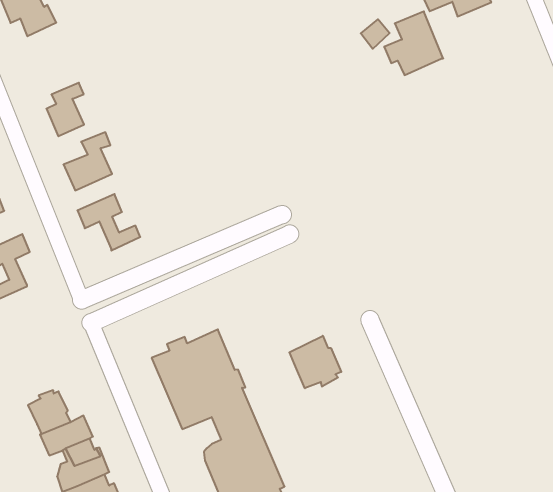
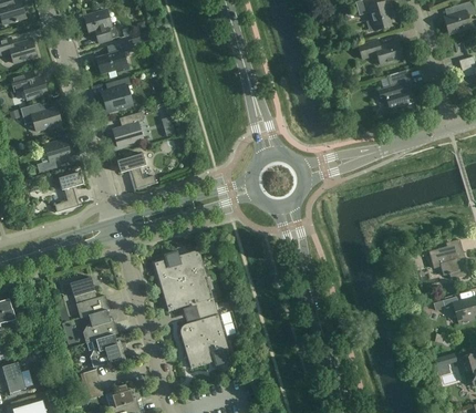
building: [384,11,443,75] -> [377,70,415,110]
building: none -> [96,40,131,74]
building: [289,336,341,388] -> none

